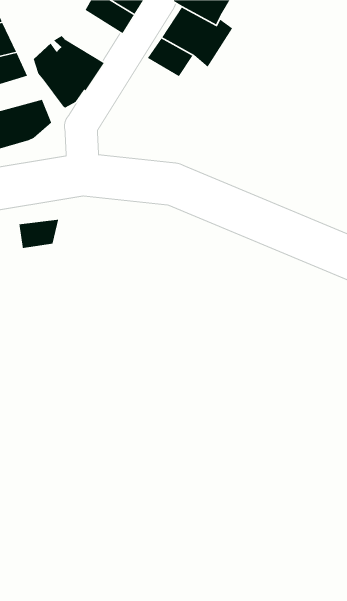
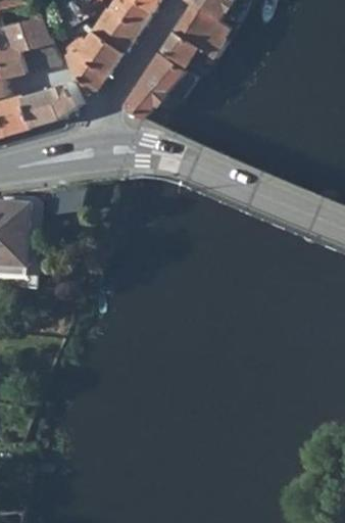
building: none -> [90,9,139,54]
building: none -> [121,56,183,118]

